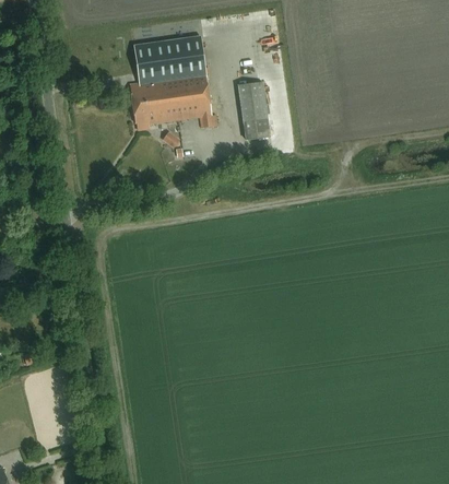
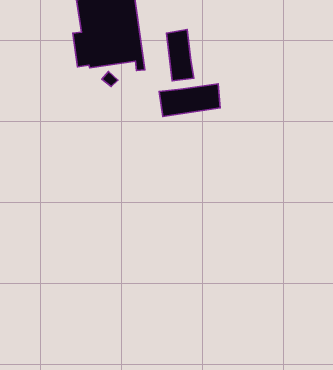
building: none -> [159,84,220,116]

